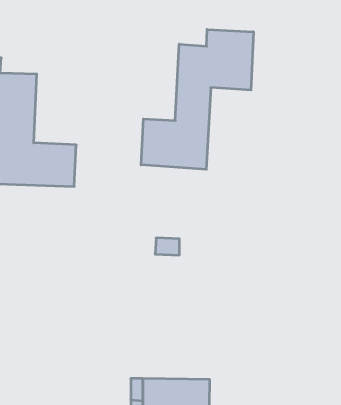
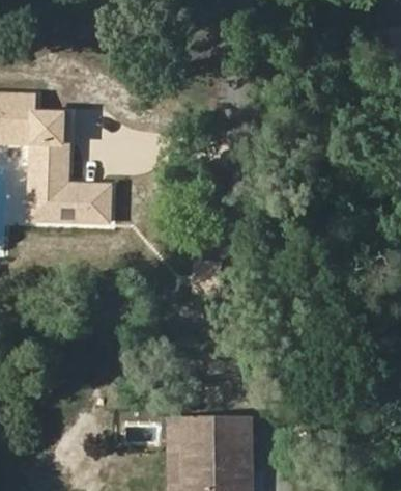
building: [141,29,253,169] -> none

